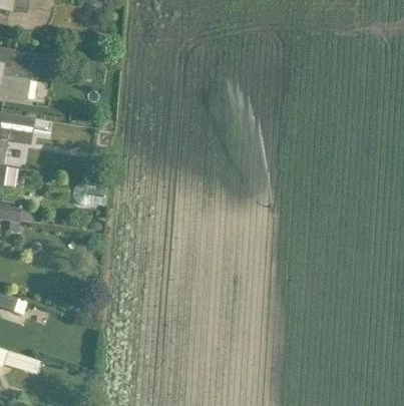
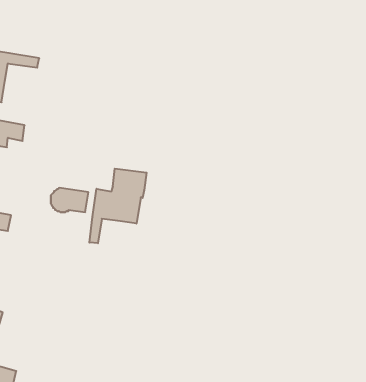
building: none -> [89,169,147,243]

